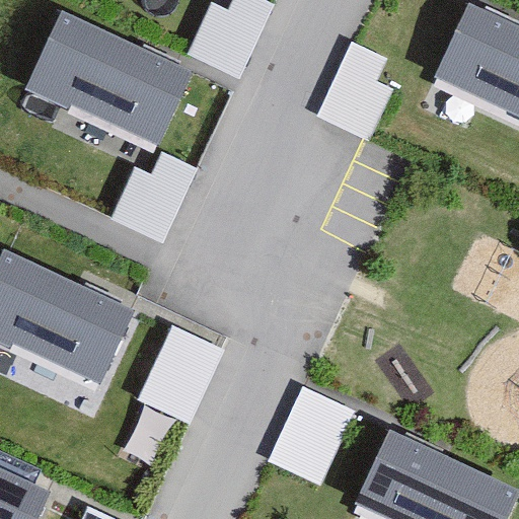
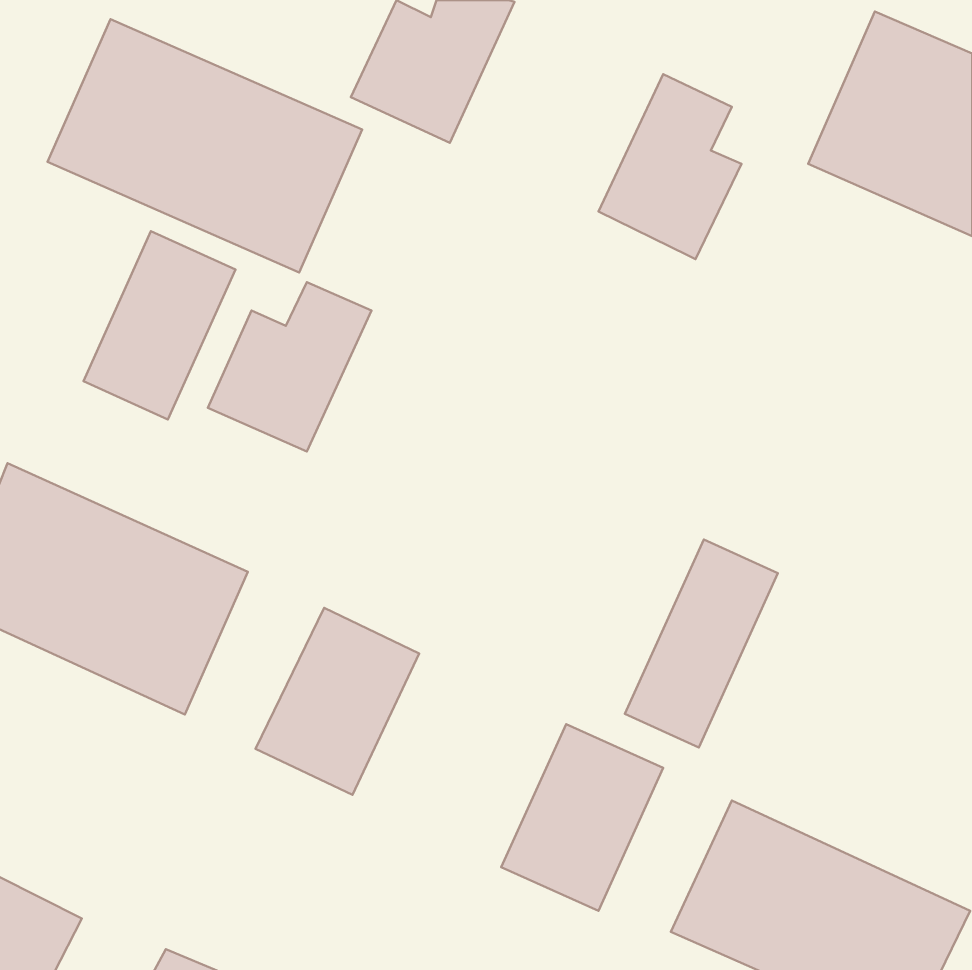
building: none -> [83,231,235,419]
building: none -> [625,539,778,748]

